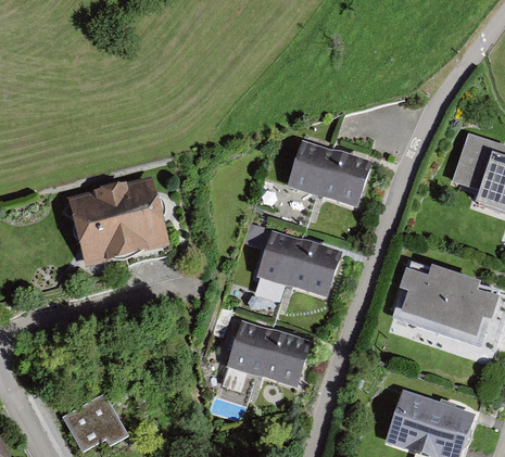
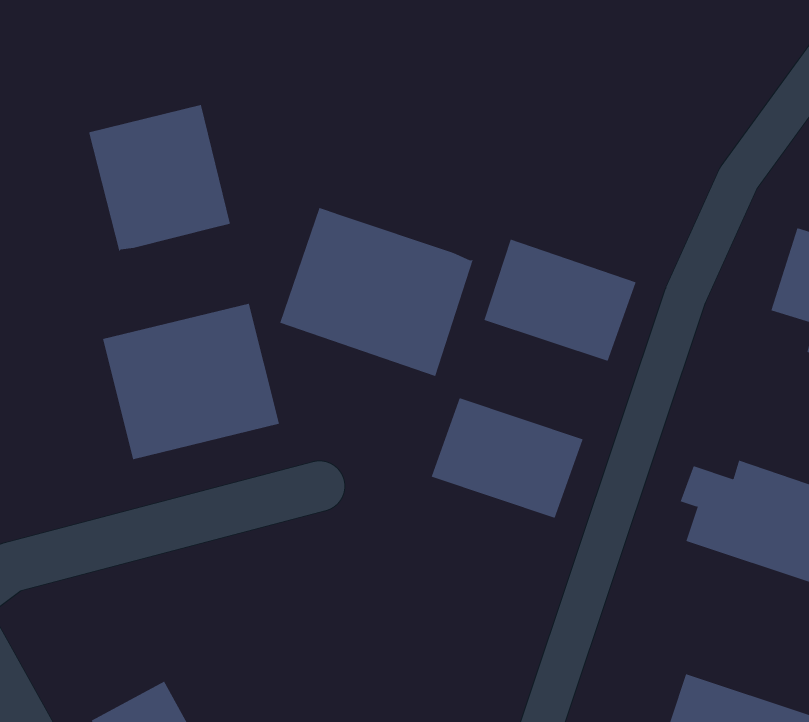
building: none -> [88,104,230,252]
building: none -> [279,207,473,377]
building: [226,320,314,391] -> none

